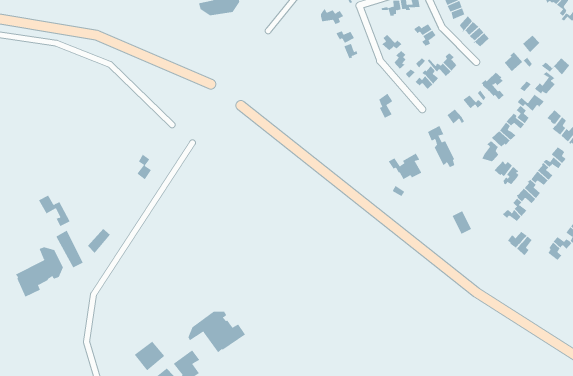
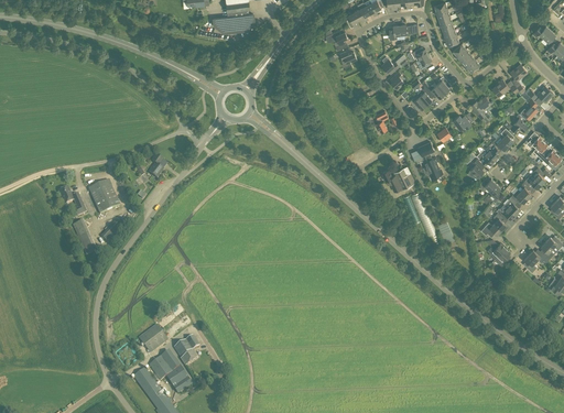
building: none -> [88,180,119,213]
building: [15,246,64,298] -> none
building: [188,311,246,353] -> none

